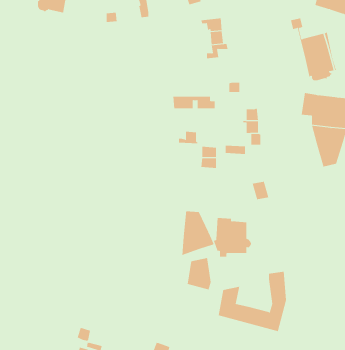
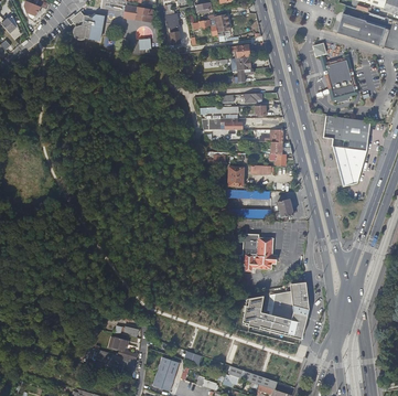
building: [182,211,214,256] -> none
building: [187,258,211,290] -> [272,291,295,322]

